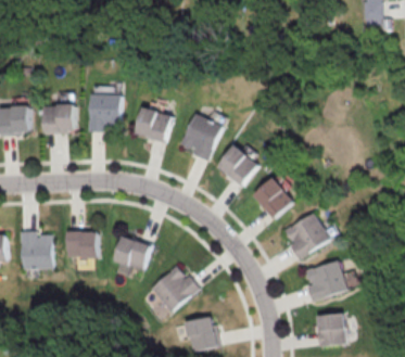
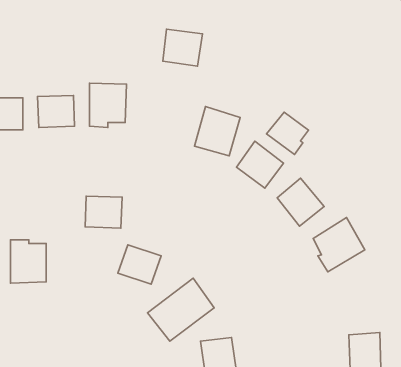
building: [137,109,172,141] -> [163,29,202,66]
building: none -> [267,112,309,154]
building: [66,230,99,258] -> [85,196,122,228]
building: [305,260,347,299] -> none

